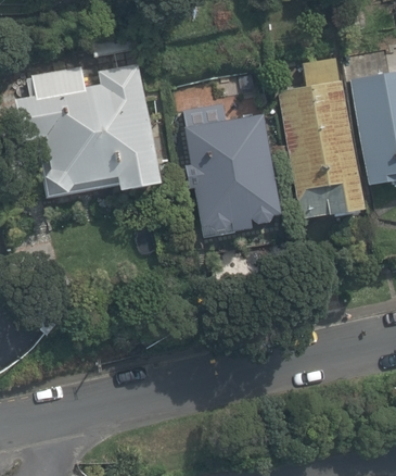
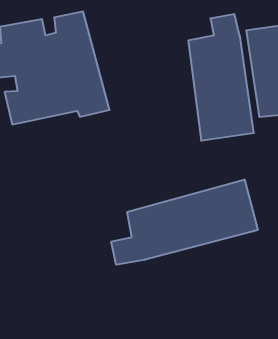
building: [176,73,271,229] -> none
building: none -> [111,180,258,265]

